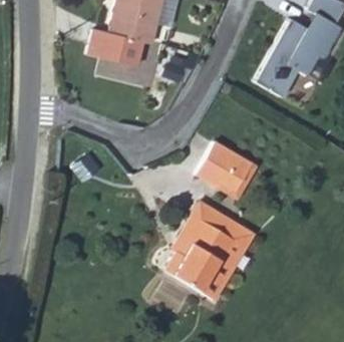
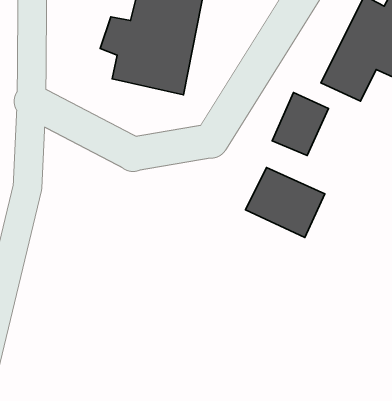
building: none -> [272,93,329,155]
building: [166,202,258,302] -> none

